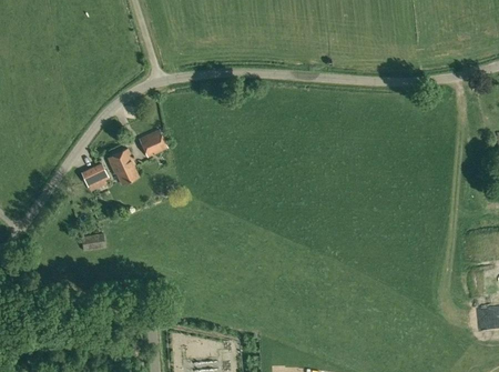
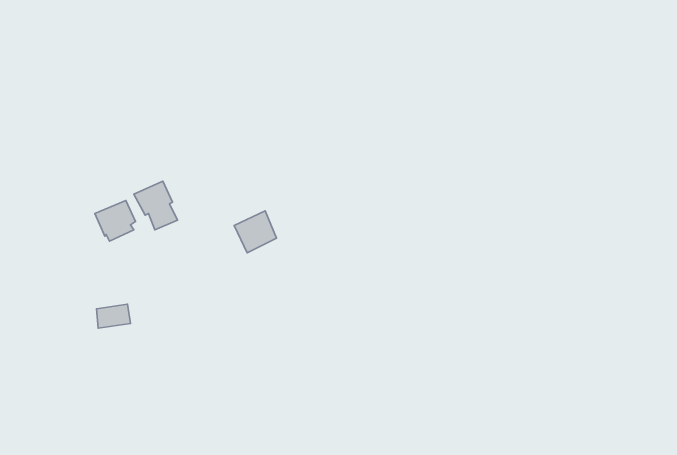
building: [139,130,167,159] -> [234,211,276,253]

